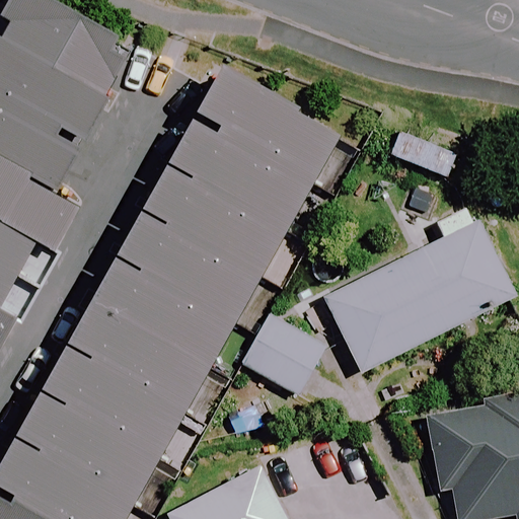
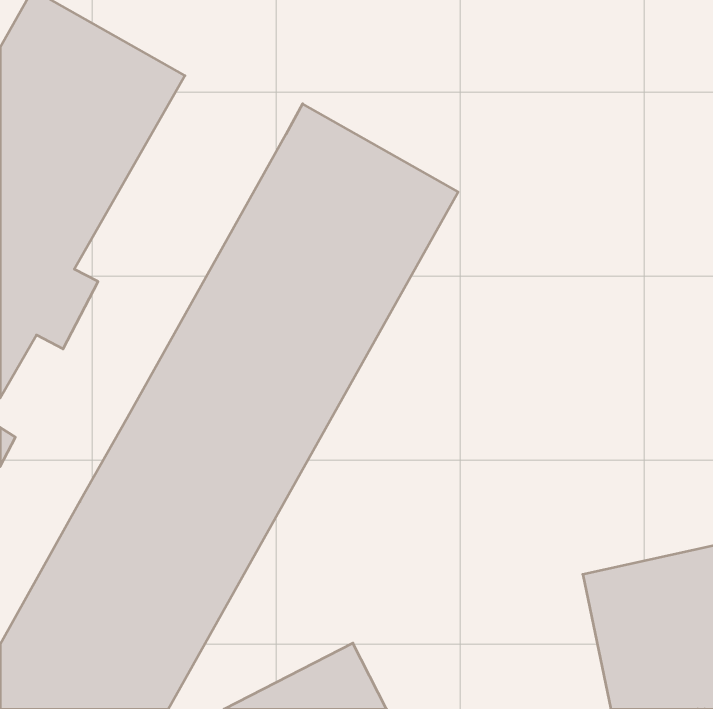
building: [323,207,511,372] -> none
building: [240,314,323,393] -> none

